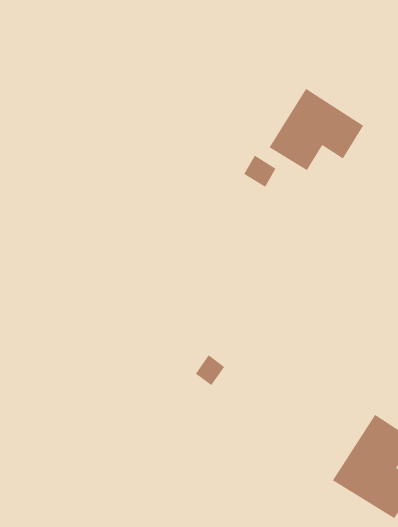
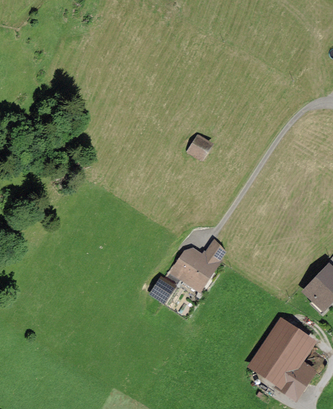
building: [268,88,364,171] -> none
building: none -> [173,242,226,290]

